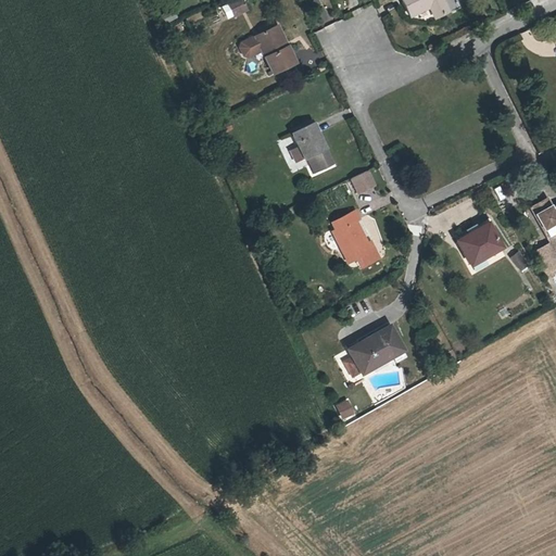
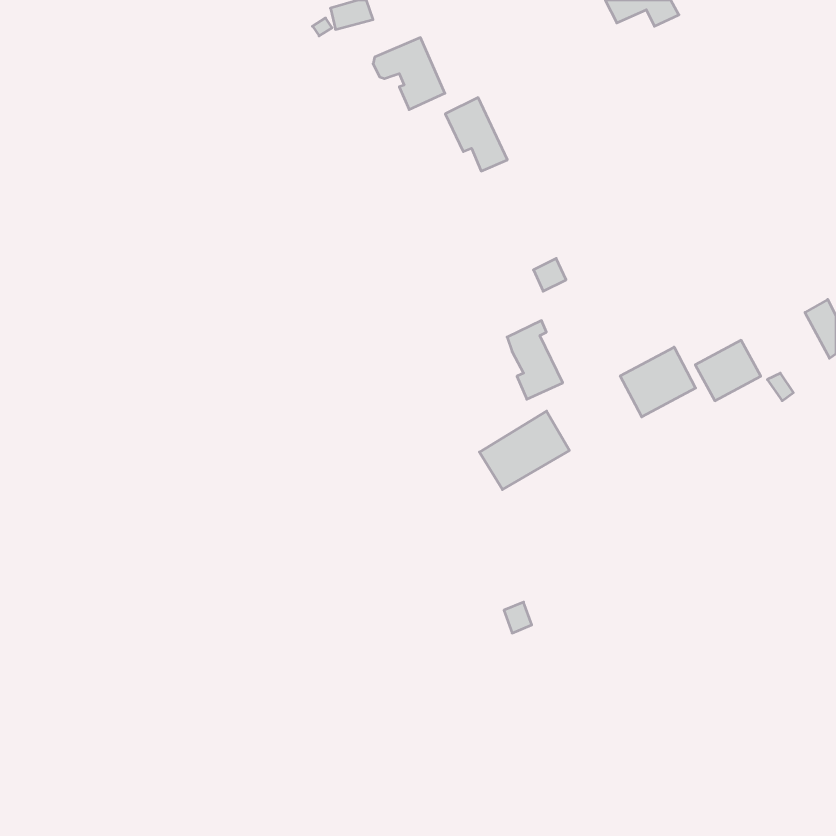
building: [294,125,336,174] -> [445,98,507,171]
building: none -> [620,347,696,417]
building: [343,320,403,372] -> [479,411,569,490]

